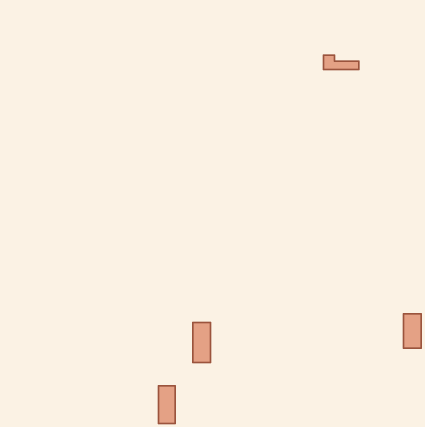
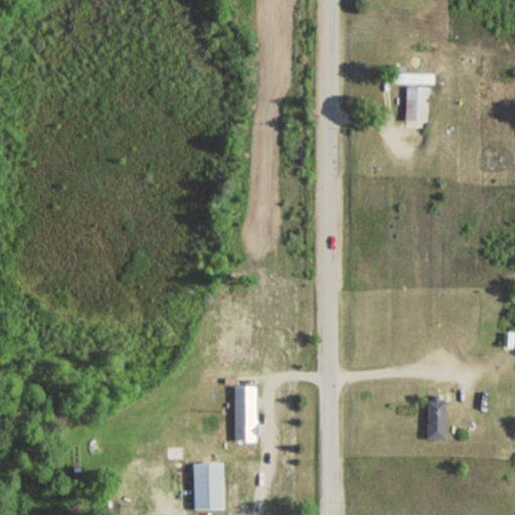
building: none -> [406,89,428,122]
building: [404,314,421,348] -> [426,399,448,441]

